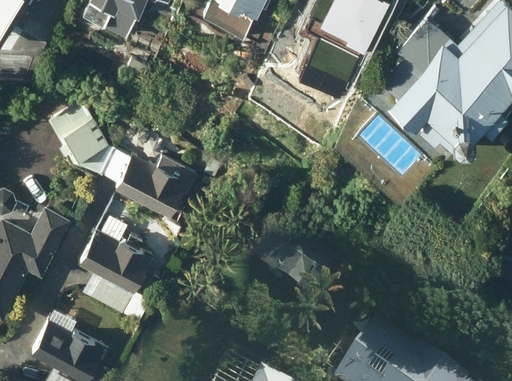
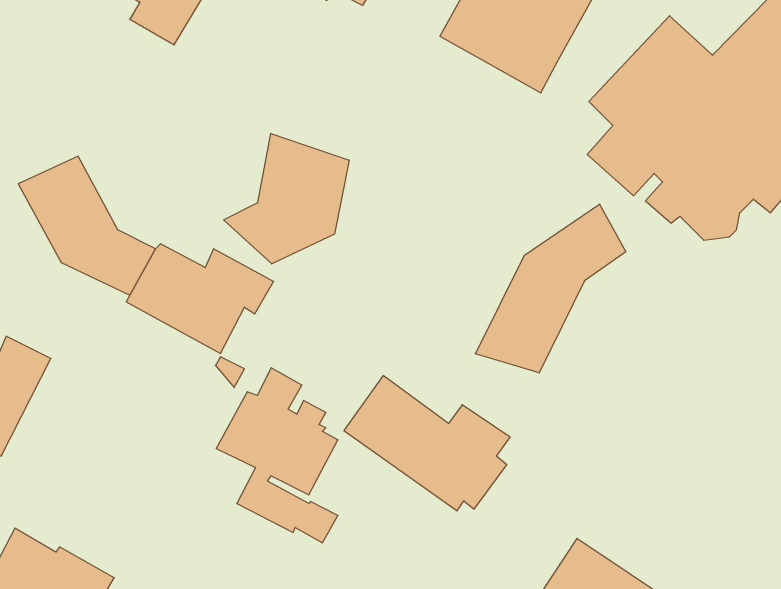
building: none -> [224,133,349,264]
building: none -> [476,204,626,373]
building: [79,216,150,318] -> [216,368,338,543]

